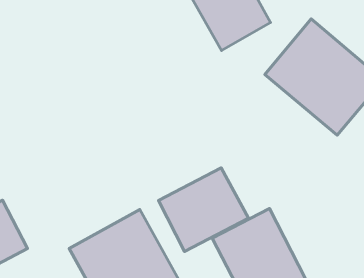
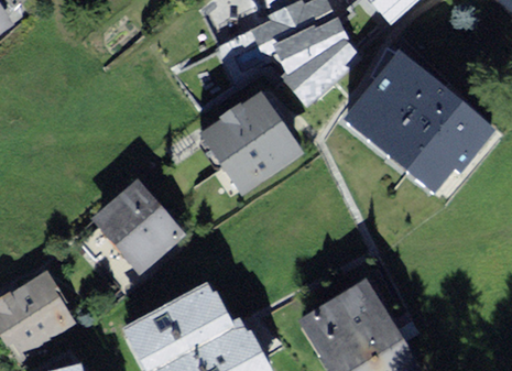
building: none -> [192,90,305,199]
building: none -> [89,178,187,277]
building: [158,168,249,252] -> none

